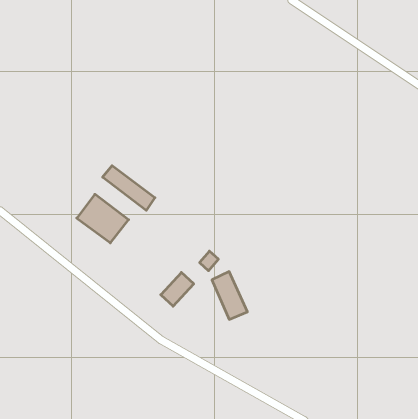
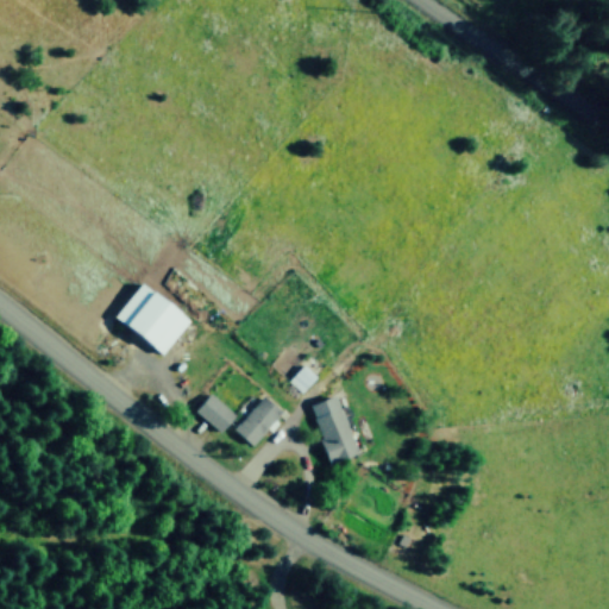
building: [103,166,155,210] -> none
building: none -> [197,393,238,432]

